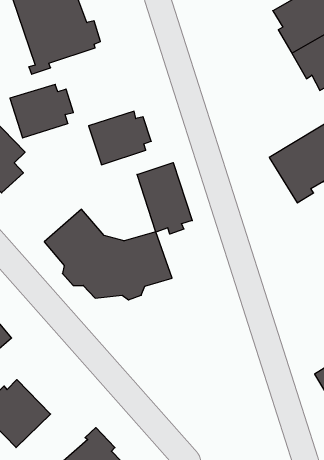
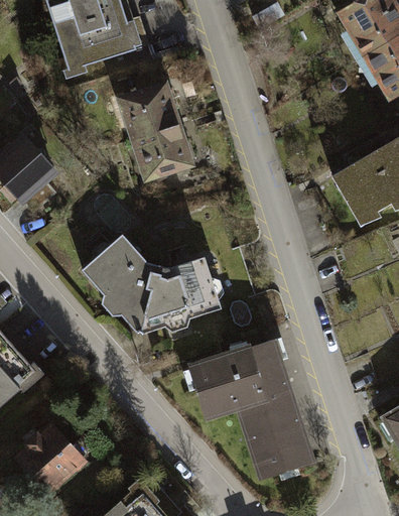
building: [10,84,73,138] -> [116,81,186,140]
building: [137,163,192,234] -> none
building: none -> [183,337,313,477]

